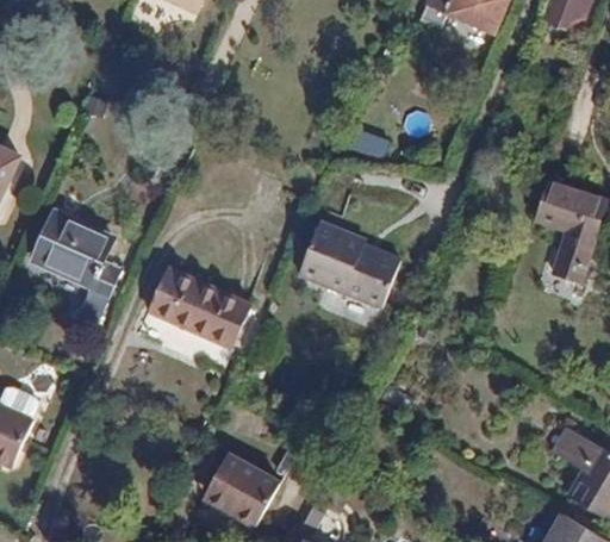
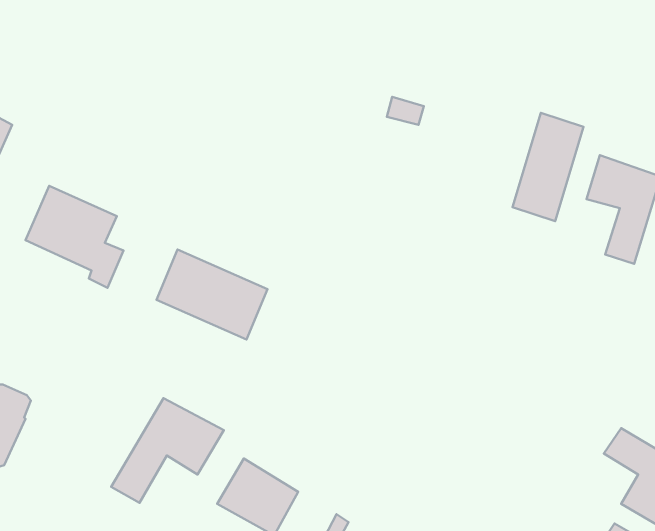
building: none -> [512,113,584,221]
building: [297,220,399,307] -> none
building: none -> [111,398,224,503]

